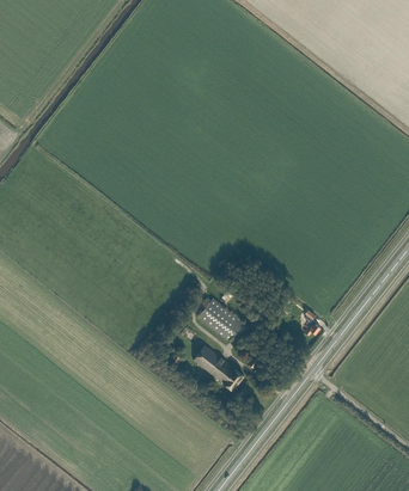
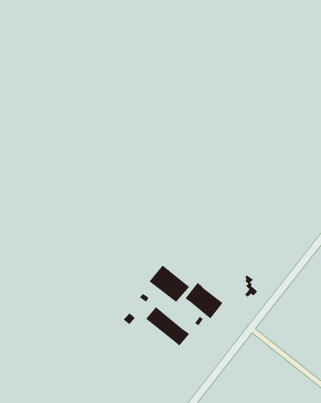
building: none -> [184,282,224,319]

